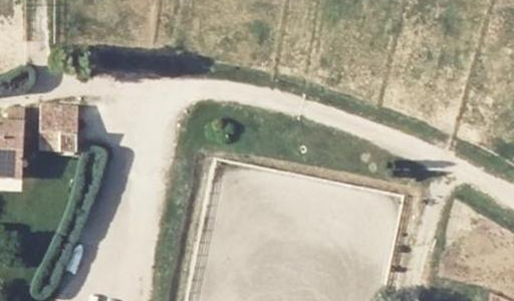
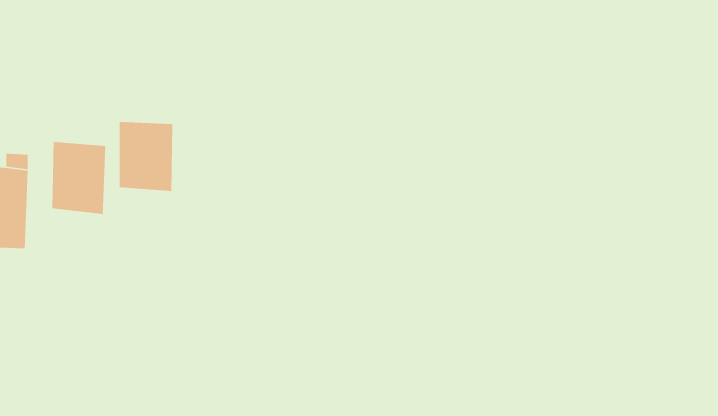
building: none -> [119,121,173,192]

